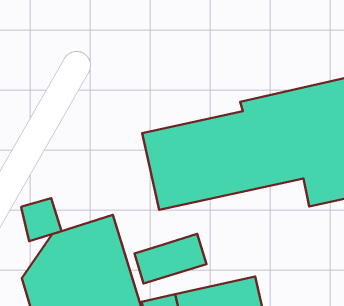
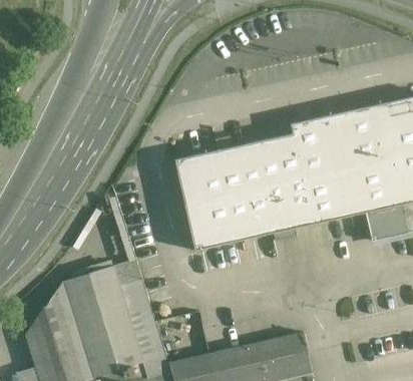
building: [21,198,61,241] -> none
building: [134,234,207,284] -> none

